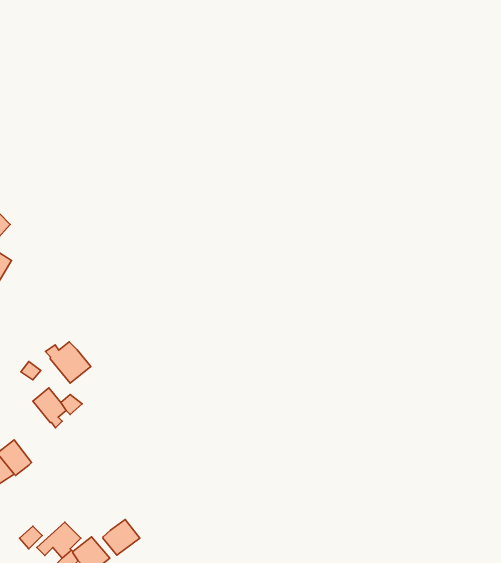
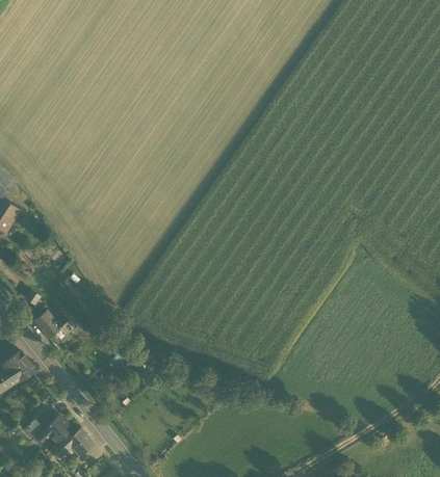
building: [45,342,91,383] -> none
building: [103,520,140,555] -> none

